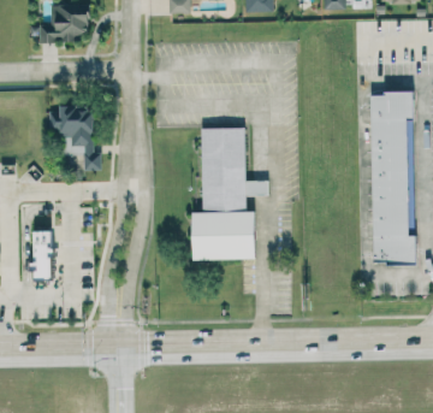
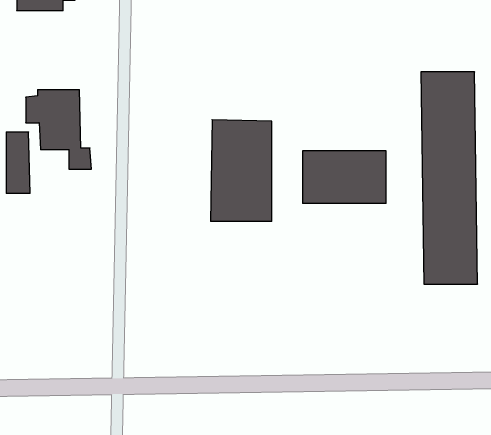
building: [192,216,260,258] -> [303,151,386,203]
building: [34,231,53,281] -> [6,132,30,193]

